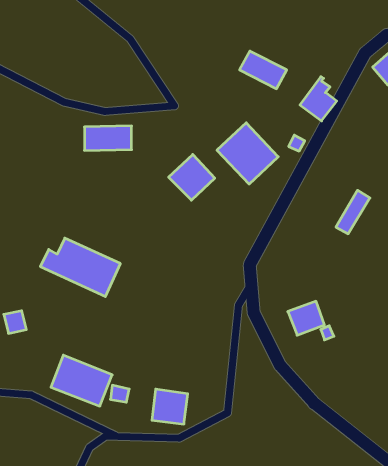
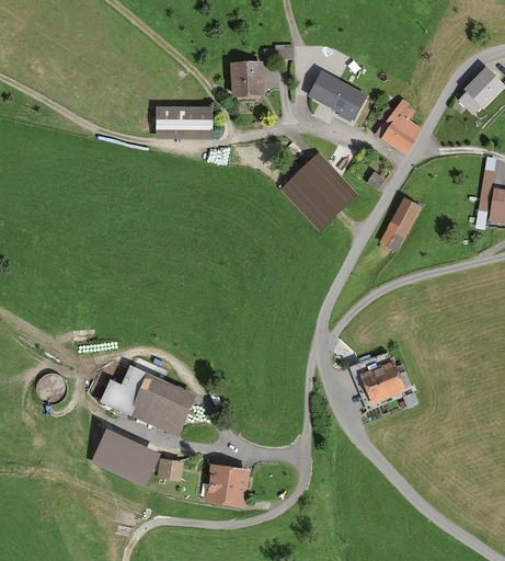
building: none -> [232,65,261,95]
building: [84,126,132,150] -> [158,107,213,136]
building: [169,154,215,200] -> none
building: [336,190,370,234] -> [379,198,418,249]
building: [40,238,120,297] -> [102,366,195,434]

